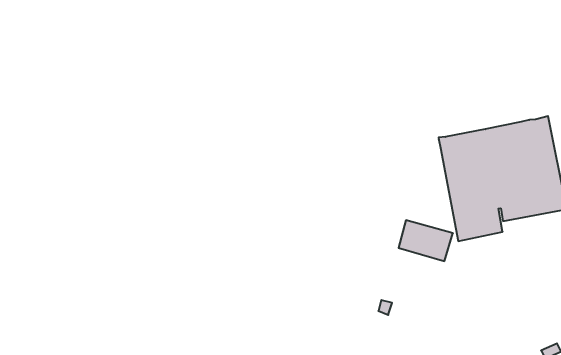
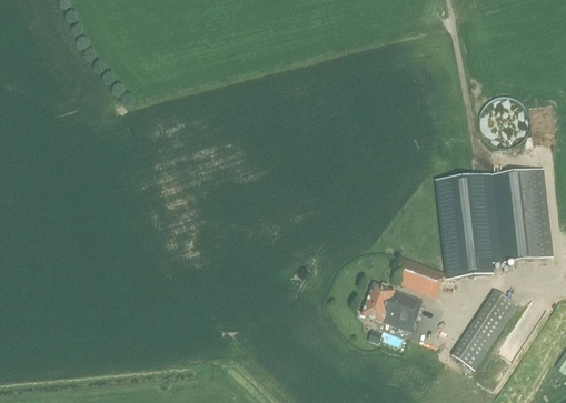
building: none -> [450,289,516,369]
building: none -> [361,282,420,330]

